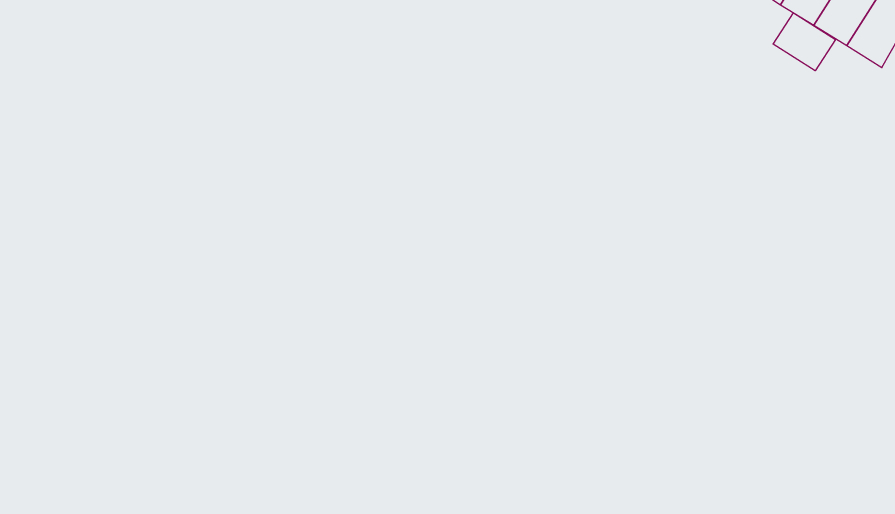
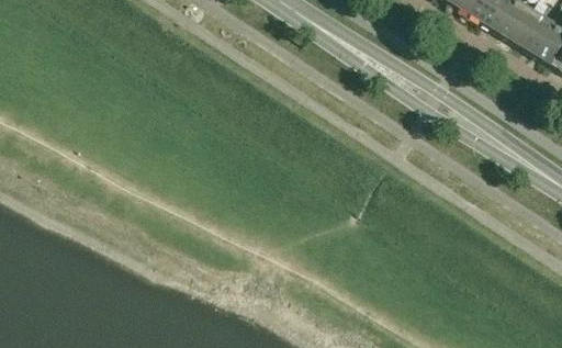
building: [773,13,836,71] -> none

